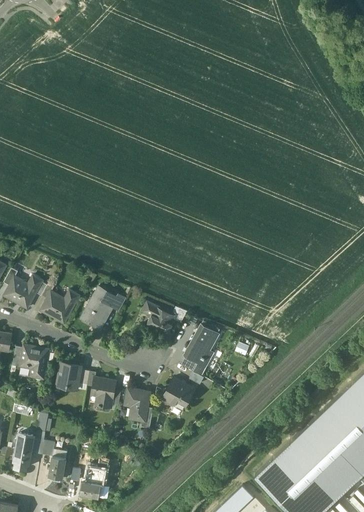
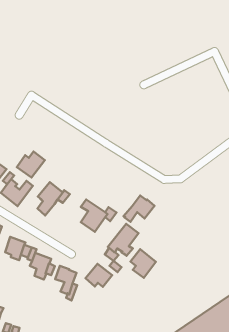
building: none -> [17,152,45,178]
building: none -> [123,195,155,222]
building: none -> [130,249,156,278]

